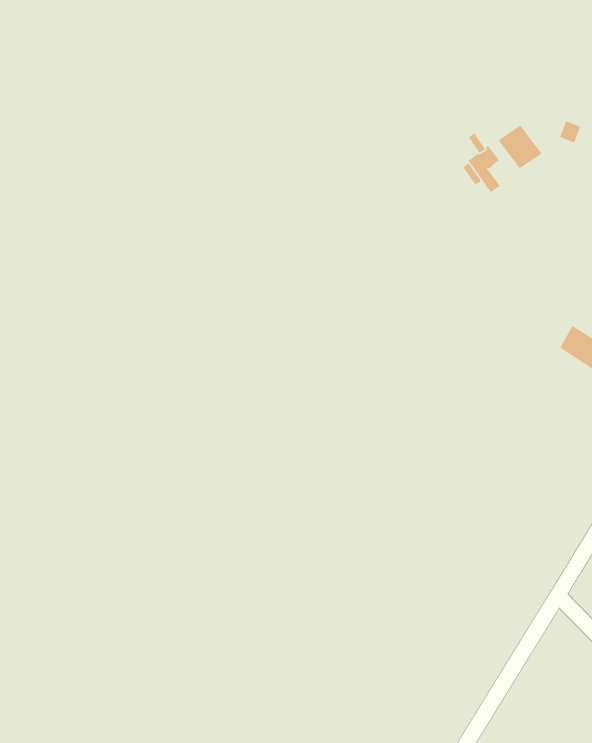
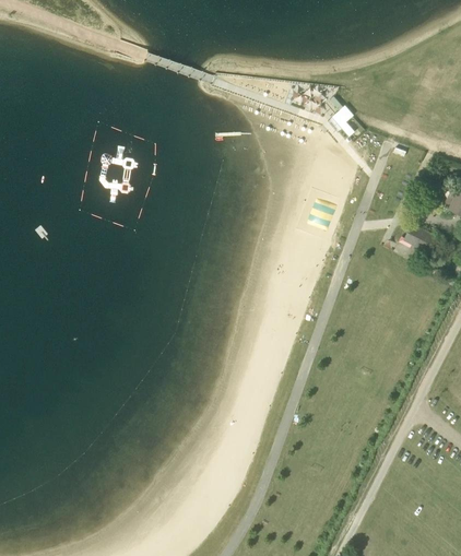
building: [498,125,542,169] -> none

